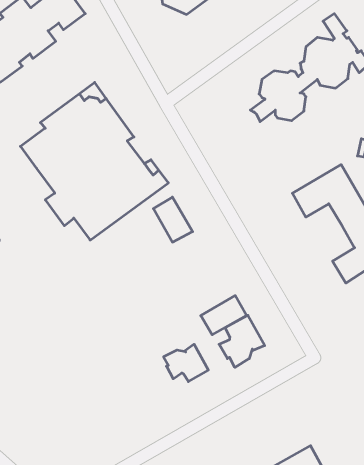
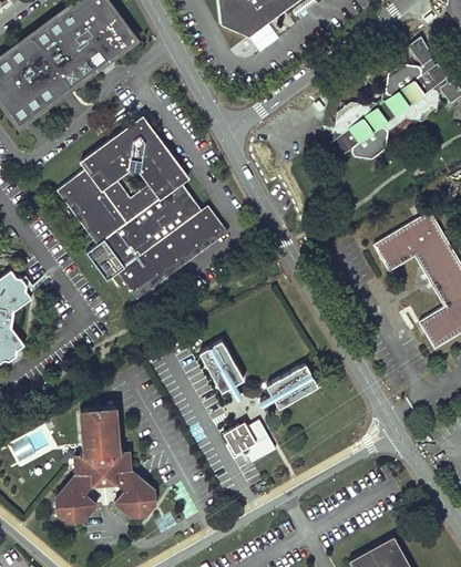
building: [153,197,193,242] -> [199,340,245,392]
building: [219,315,265,367] -> none
building: none -> [54,406,156,524]

